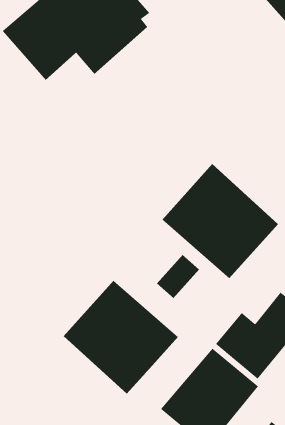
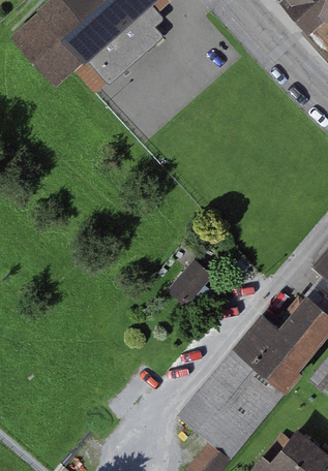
building: [161,163,279,279] -> none
building: [63,280,179,395] -> none

